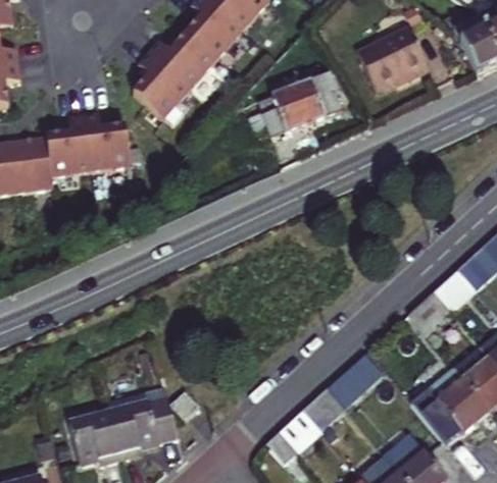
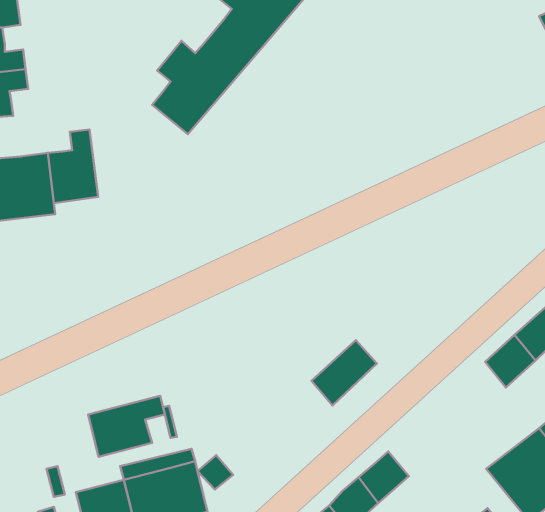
building: [357,30,428,94] -> none
building: [256,70,343,137] -> none
building: [81,117,125,175] -> none
building: none -> [88,396,165,457]
building: [329,353,383,407] -> [312,340,377,405]

